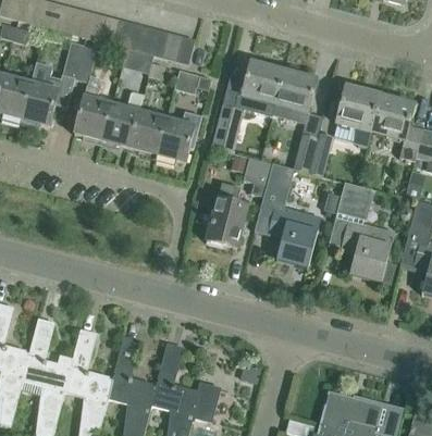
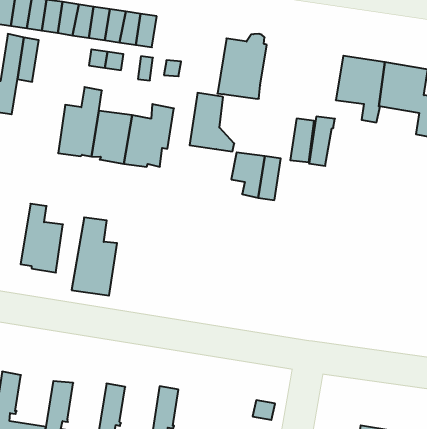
building: [273,64,316,119] -> none
building: [74,84,112,142] -> [21,204,63,273]
building: [329,180,394,282] -> none
building: [206,182,247,248] -> [72,217,117,296]
building: [271,204,321,267] -> none

